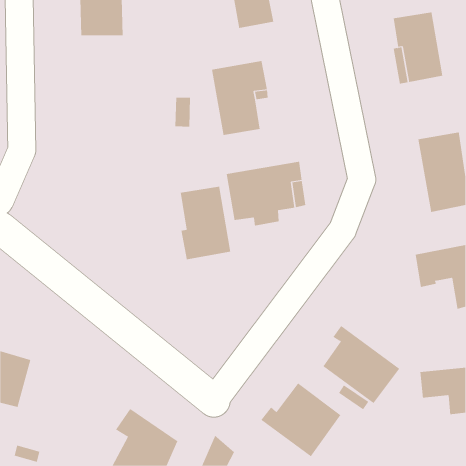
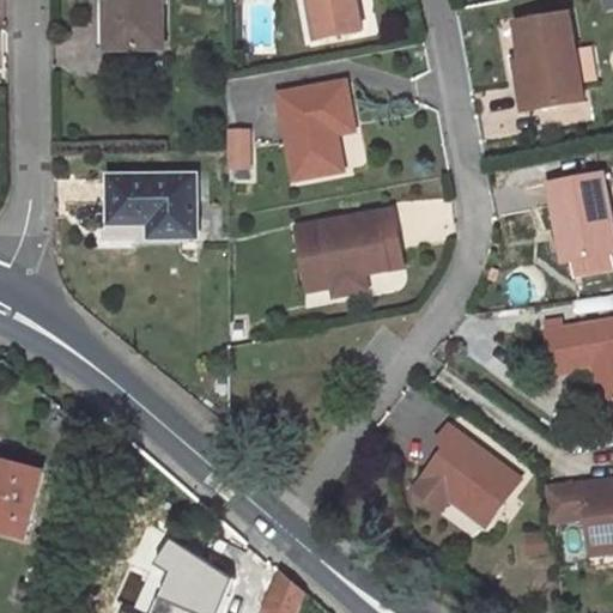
building: none -> [111,176,194,233]
building: [180,186,231,260] -> none
building: [261,383,341,457] -> none

